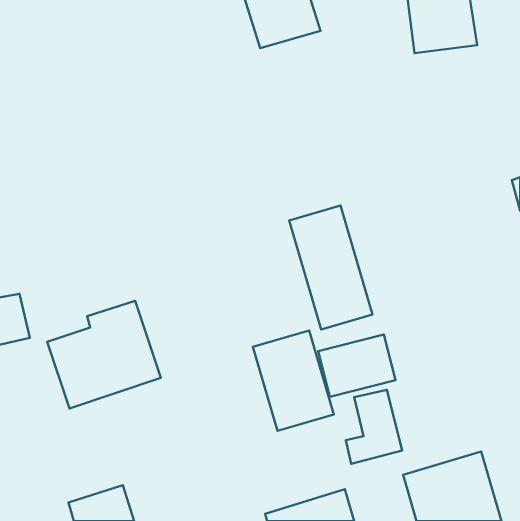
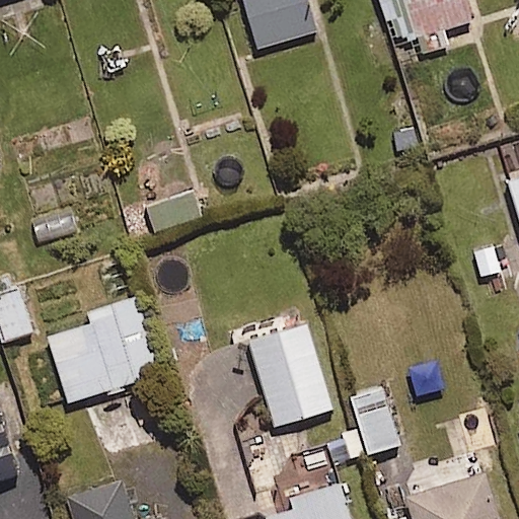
building: [289,205,372,329] -> none
building: [318,334,396,397] -> none

